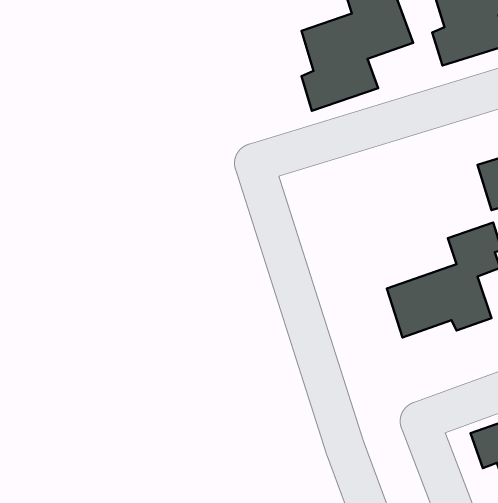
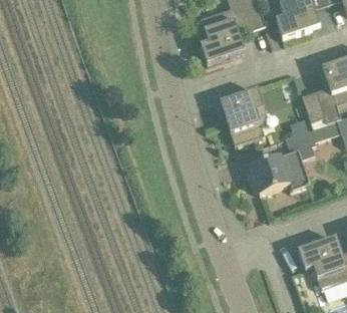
building: none -> [221,89,265,144]

